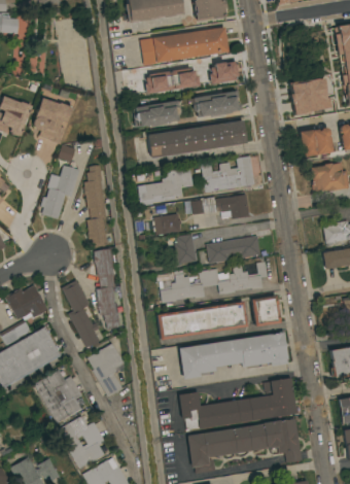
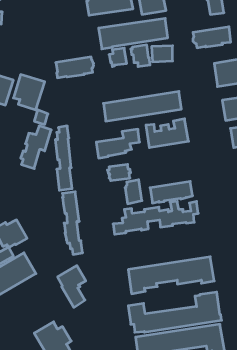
building: [194,91,242,117] -> [193,27,231,48]
building: [133,101,181,128] -> [56,57,94,78]
building: [191,195,250,218] -> none
building: [63,280,101,348] -> none
building: [252,296,281,326] -> none
building: [156,302,247,340] -> none
building: [36,371,83,423] -> none

